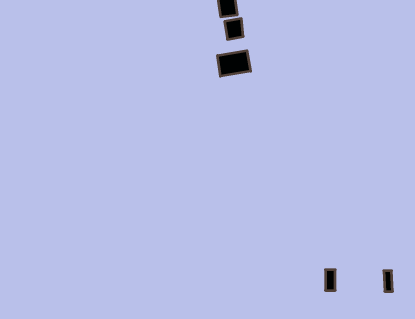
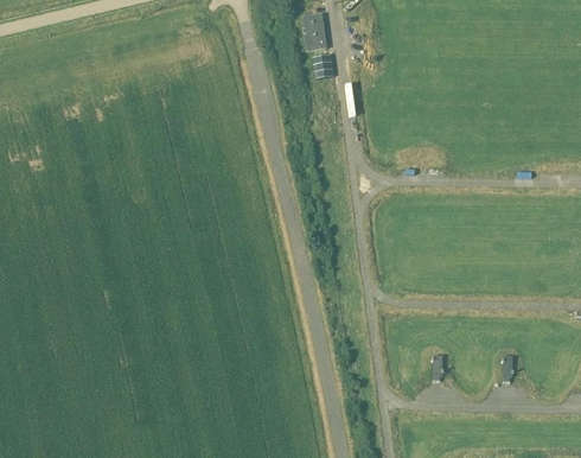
building: [218,51,251,76] -> none

